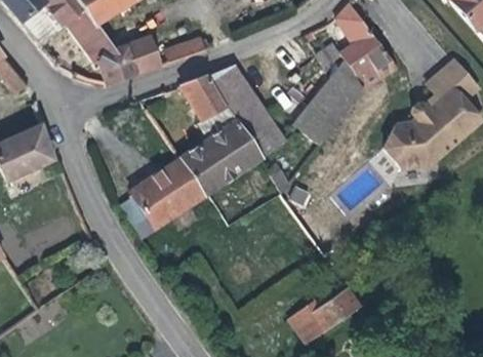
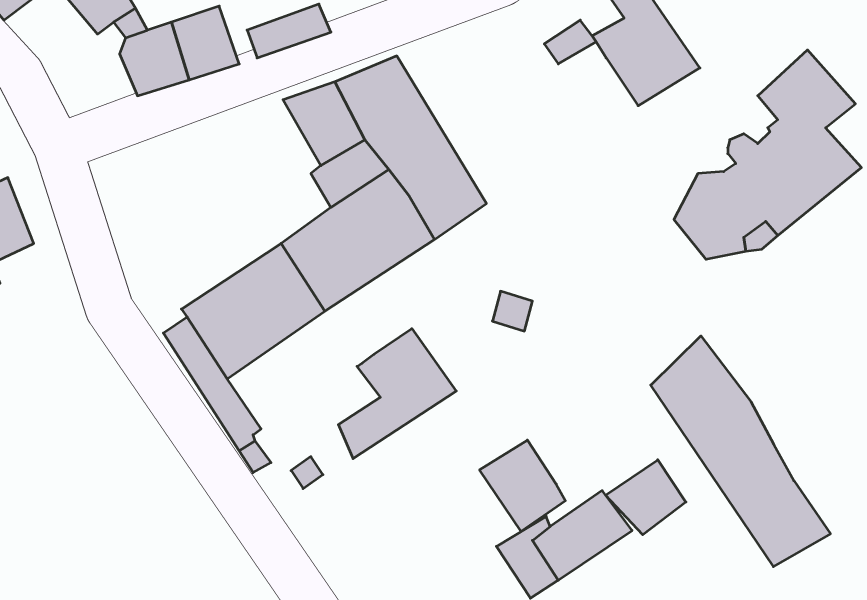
building: [292,64,364,147] -> none
building: none -> [338,329,456,459]
building: none -> [651,336,830,567]
building: none -> [480,440,565,531]
building: none -> [606,460,686,535]

